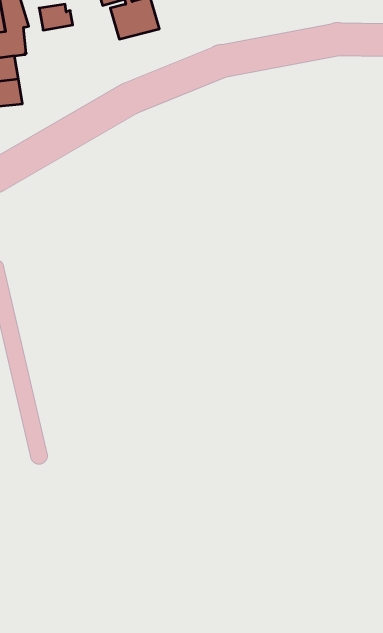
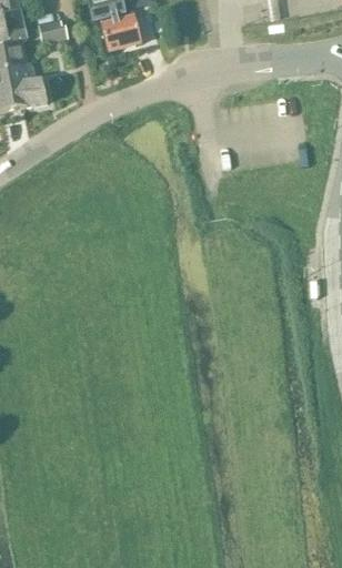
building: none -> [17,60,47,104]

